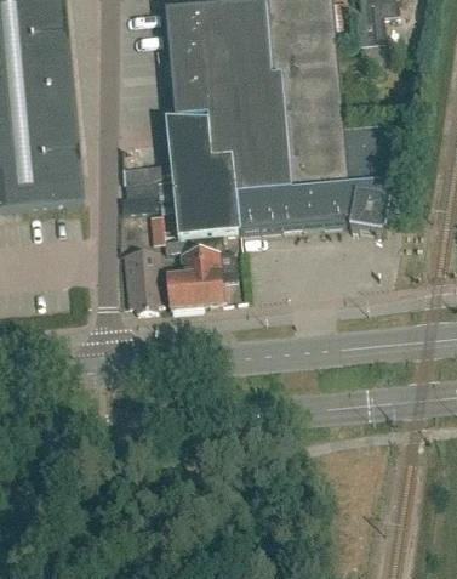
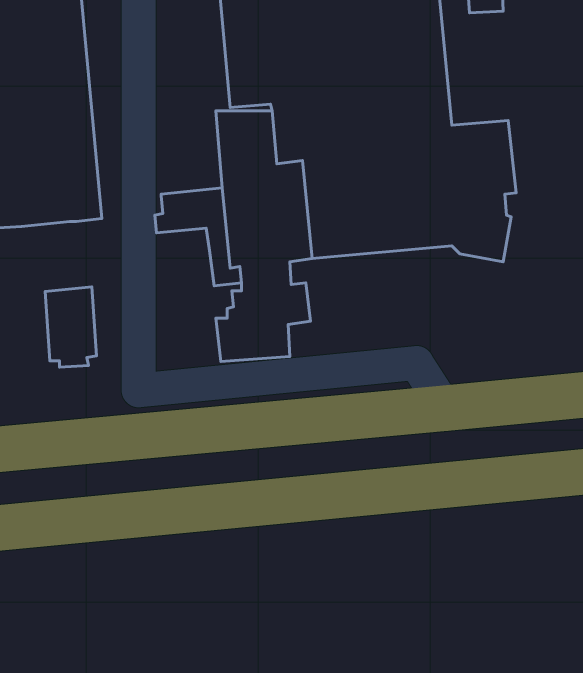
building: [124,249,162,310] -> [45,287,97,367]

